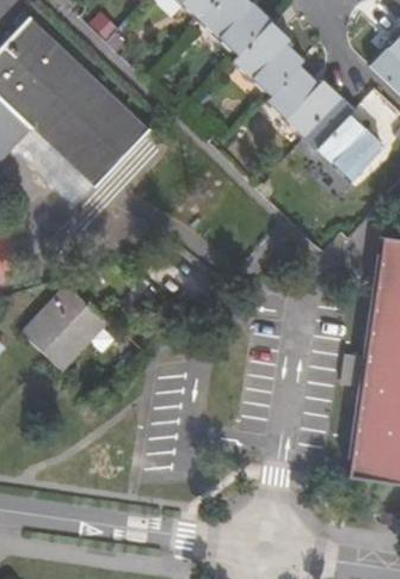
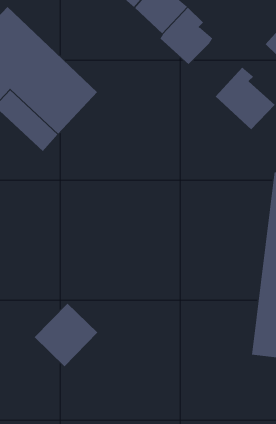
building: [264,64,339,135] -> none
building: [25,289,110,374] -> [34,303,98,367]

